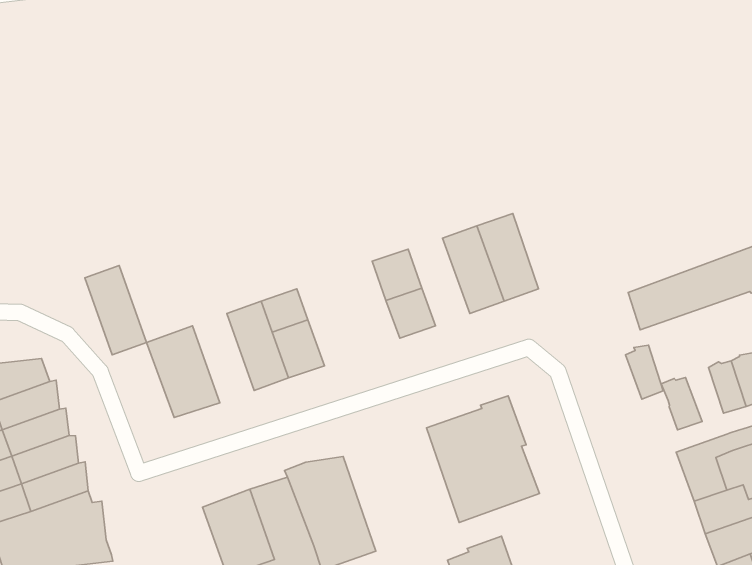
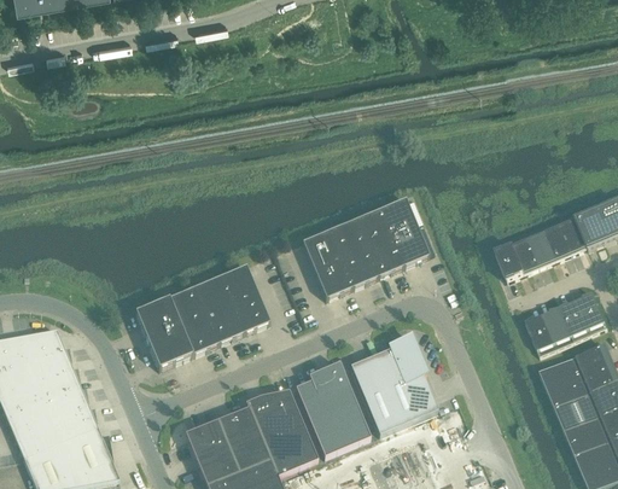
building: none -> [328,220,378,286]
building: [85,266,147,355] -> [169,286,218,354]
building: [625,345,663,399] -> [543,305,573,347]
building: none -> [296,362,371,455]

